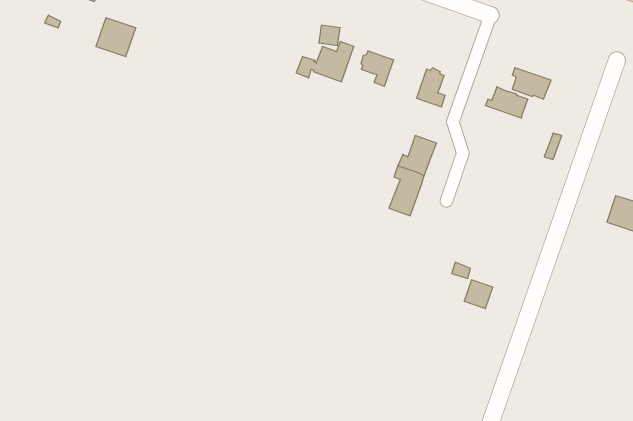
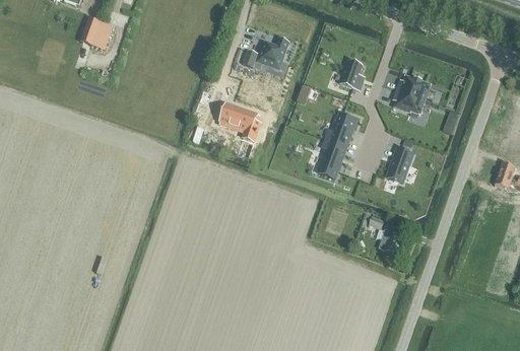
building: [361,51,394,86] -> none
building: [512,68,551,99] -> [394,89,426,115]
building: none -> [220,103,263,141]
building: none -> [387,148,412,183]

